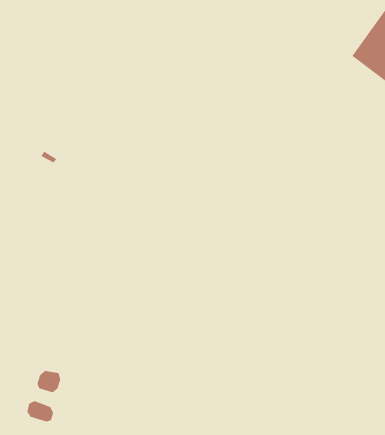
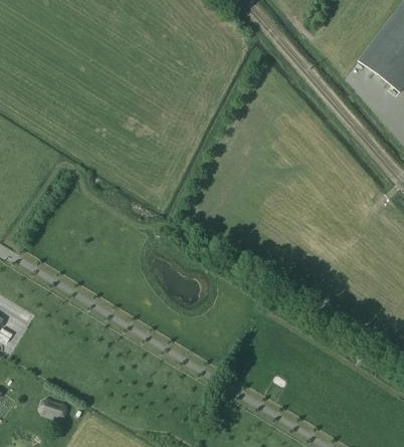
building: [37,370,61,393] -> none

